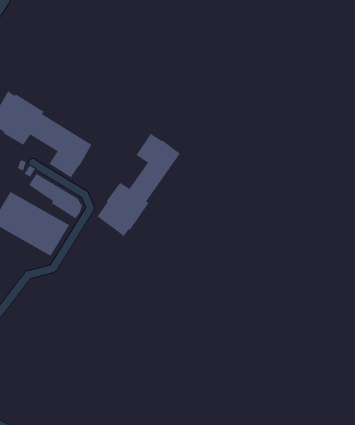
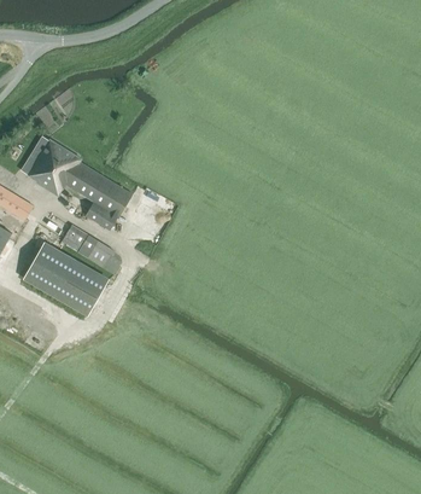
building: [96,133,181,237] -> none

